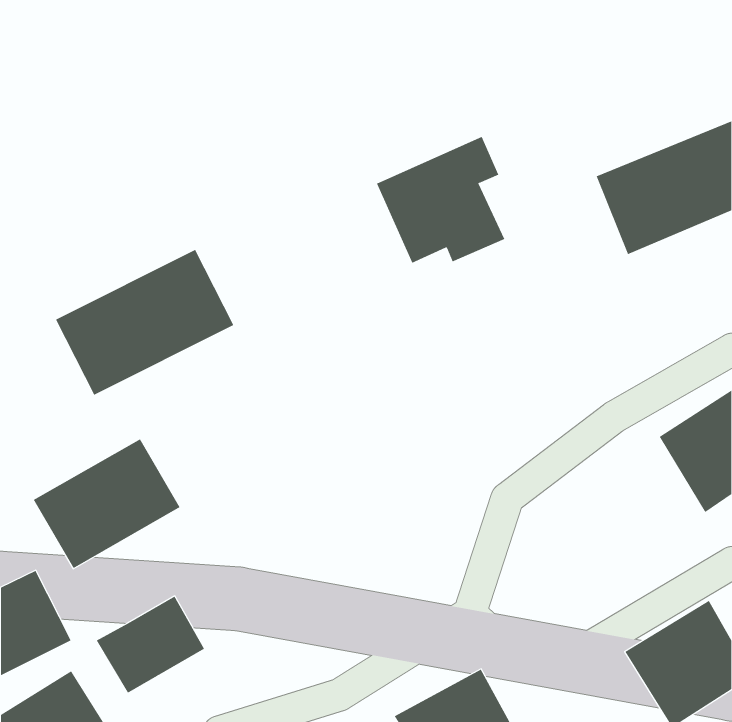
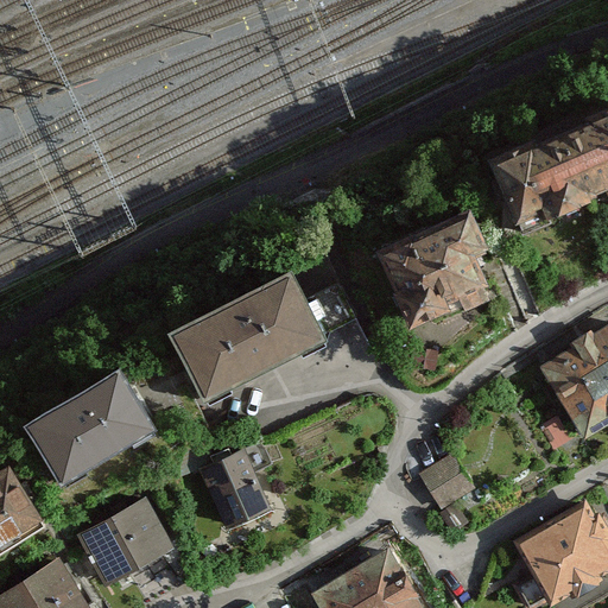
building: [376,136,505,264] -> [382,215,489,321]
building: [55,249,234,395] -> [173,272,322,393]
building: none -> [203,457,267,528]
building: none -> [422,461,474,514]

